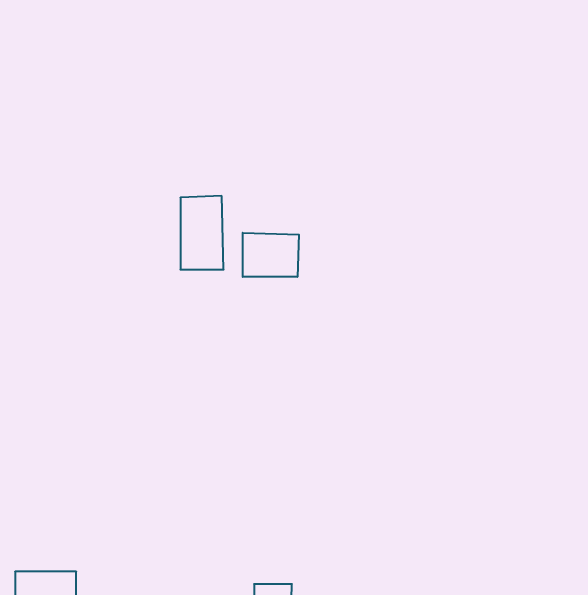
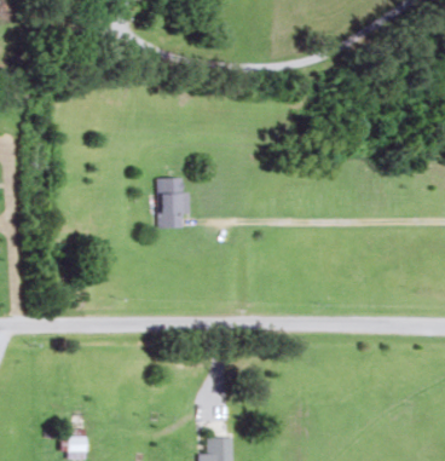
building: [243,233,299,277] -> none

